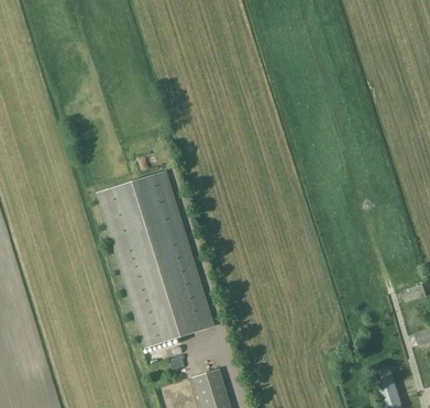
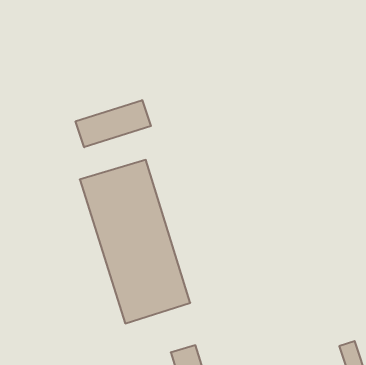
building: none -> [76,100,151,147]

